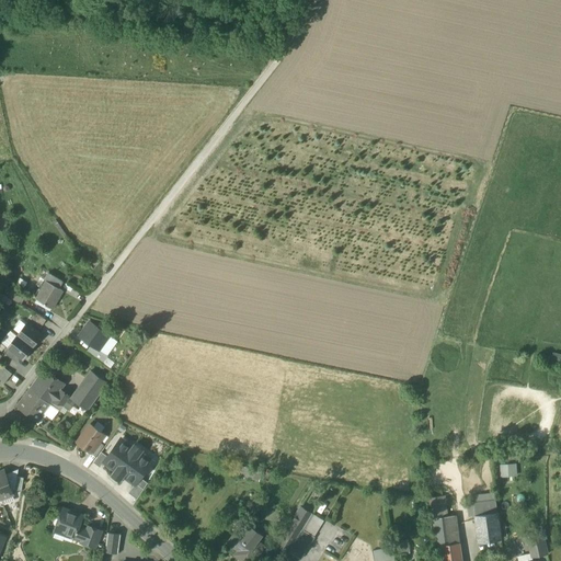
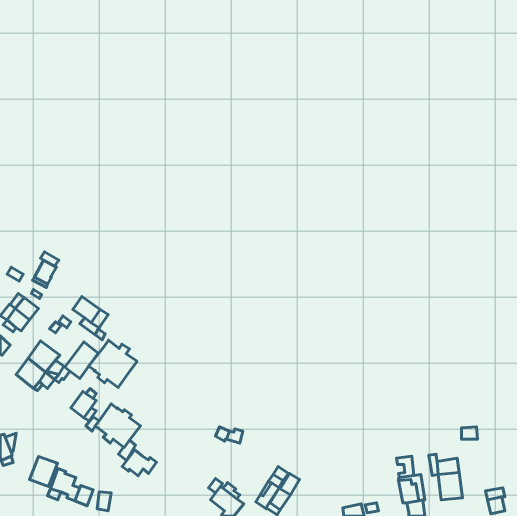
building: none -> [89,340,137,388]
building: none -> [122,450,157,476]
building: none -> [30,457,58,486]

